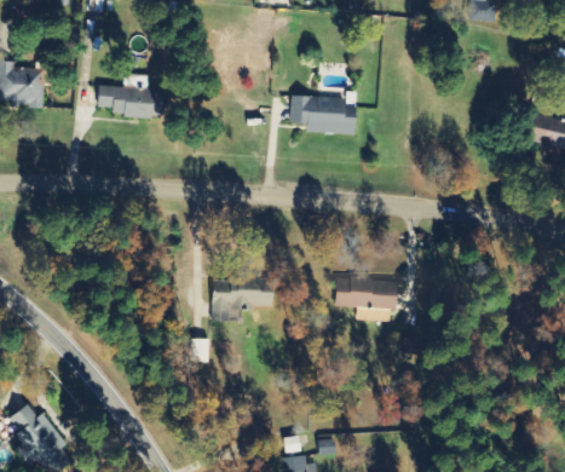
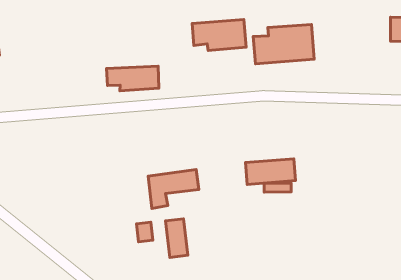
building: [97,84,163,116] -> [106,66,159,91]
building: none -> [253,25,314,64]
building: none -> [165,219,188,257]

